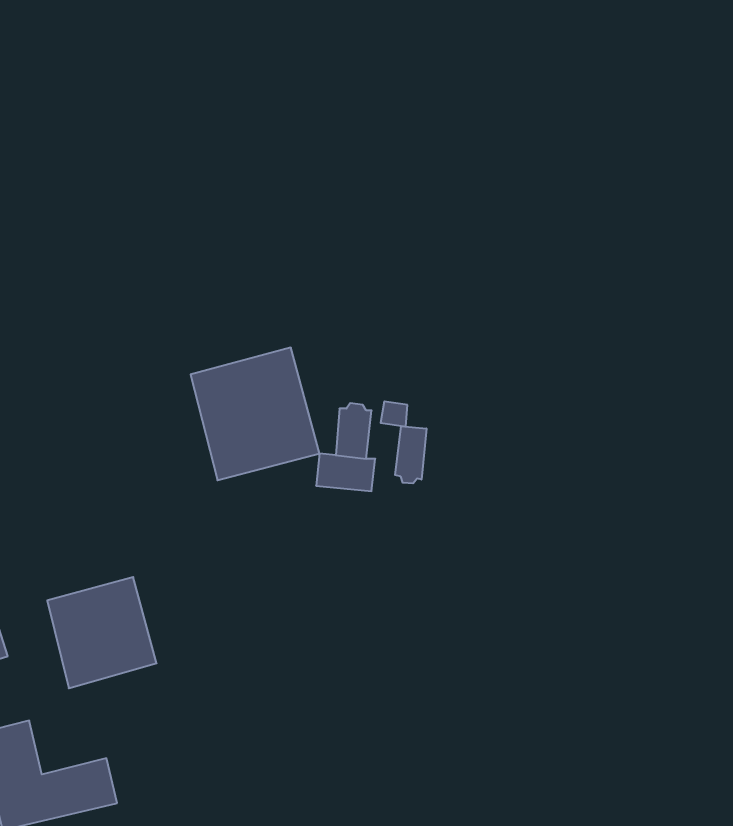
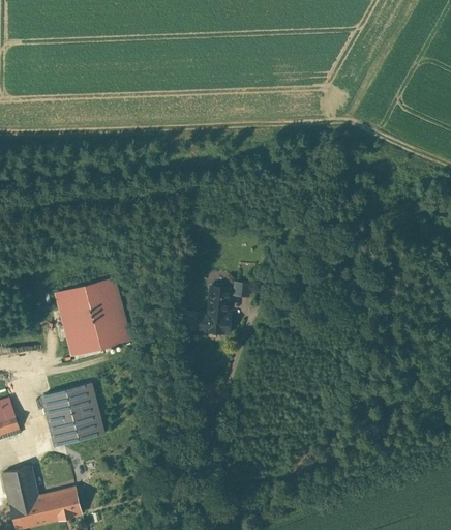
building: [191,348,320,480] -> [56,278,130,355]
building: [395,426,426,483] -> none

